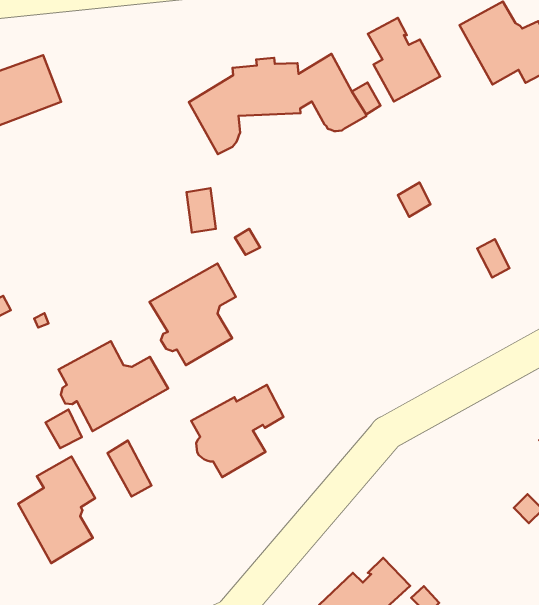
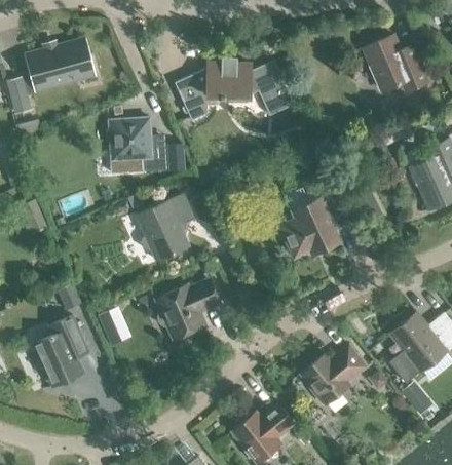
building: [368,18,440,101] -> none
building: none -> [109,117,166,171]
building: none -> [275,189,350,258]
building: [58,341,168,431] -> none
building: none -> [300,344,367,404]

